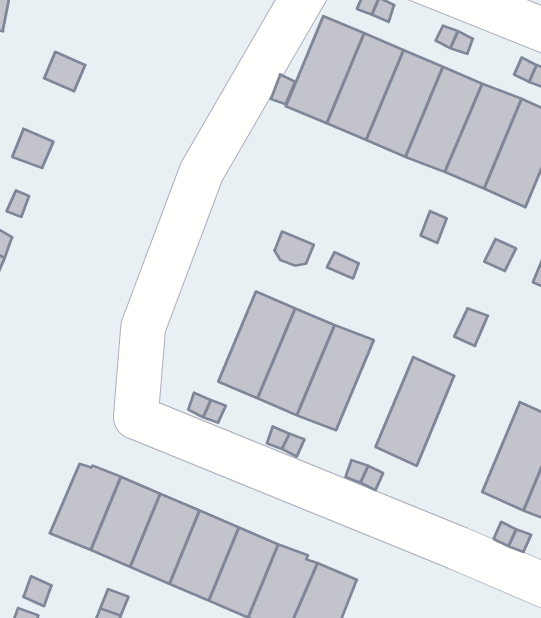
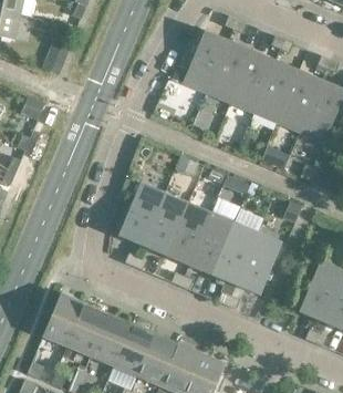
building: none -> [118,183,165,246]
building: none -> [212,221,258,285]

